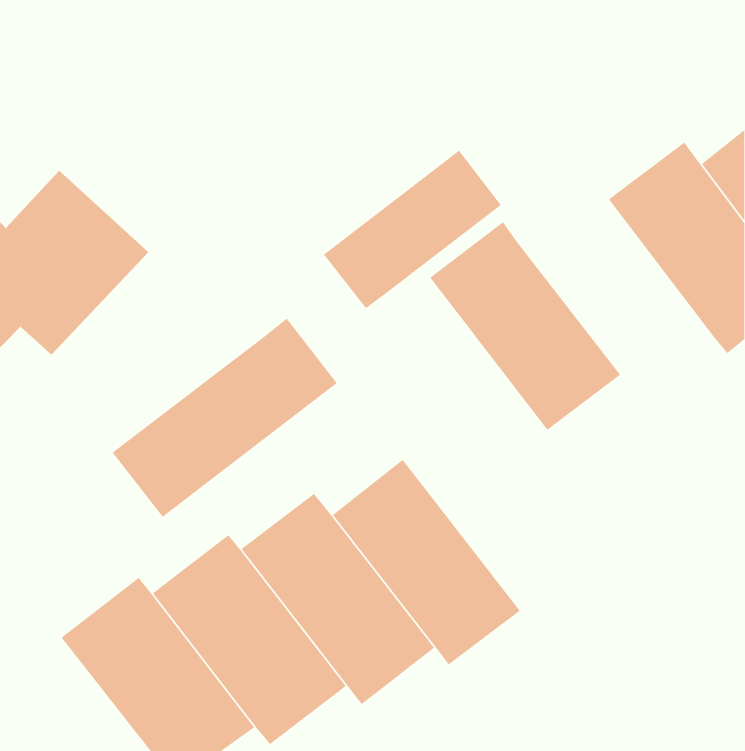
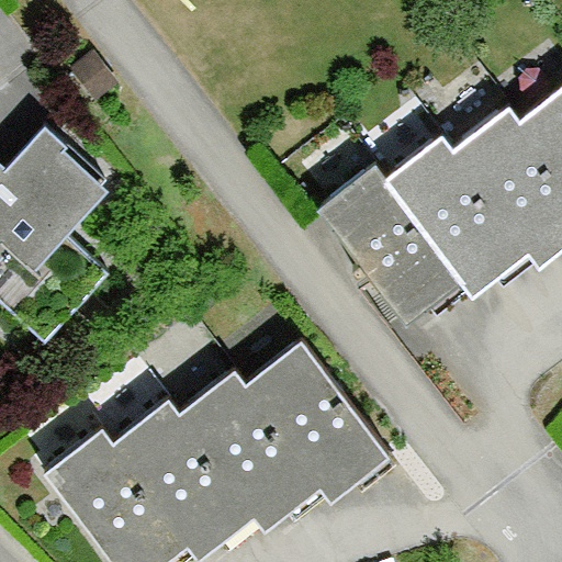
building: [323,150,502,309] -> none
building: none -> [385,138,530,296]
building: [112,318,338,518] -> none

